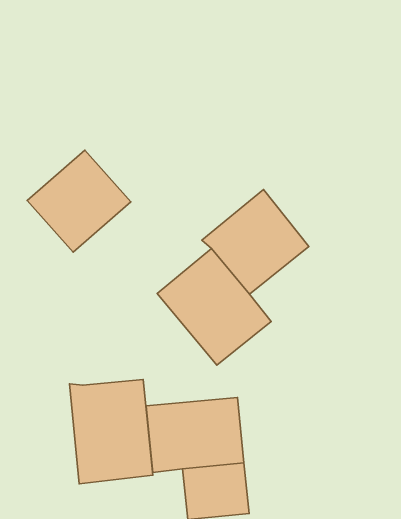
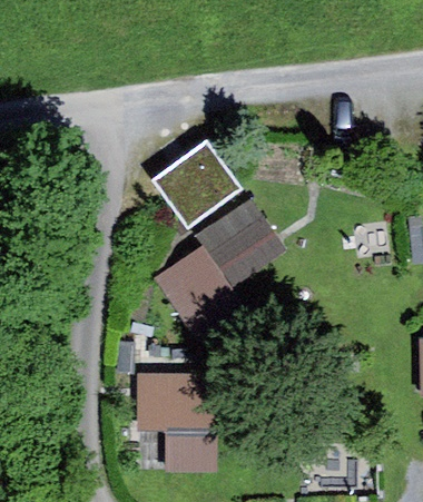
building: [27,150,131,252] -> [151,142,239,228]
building: [70,380,153,484] -> none

